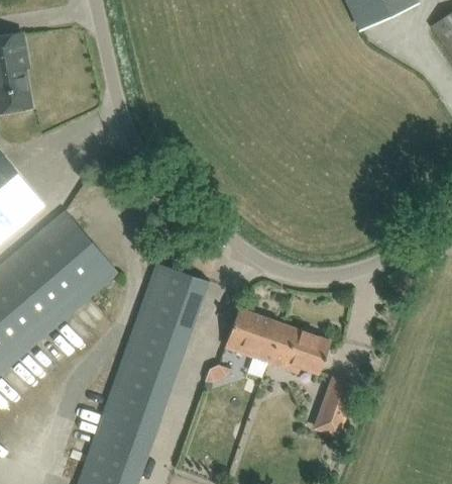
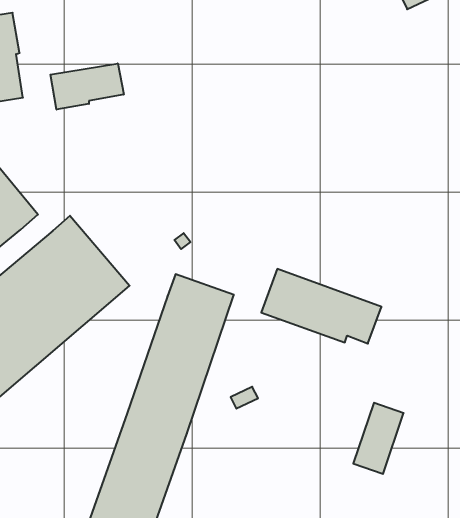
building: none -> [50,63,124,110]
building: [225,308,331,374] -> [261,269,382,344]

